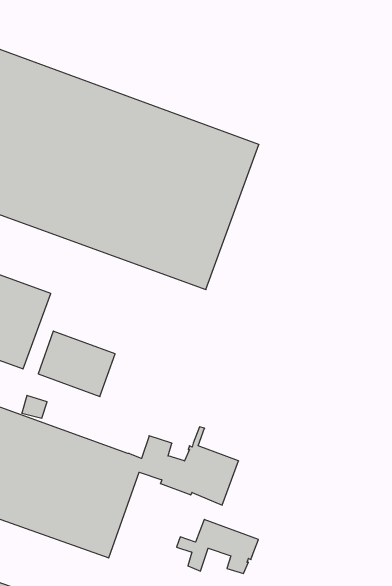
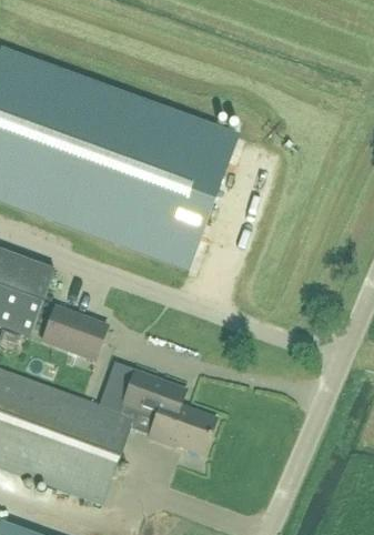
building: [177,519,258,574] -> [111,370,183,417]

